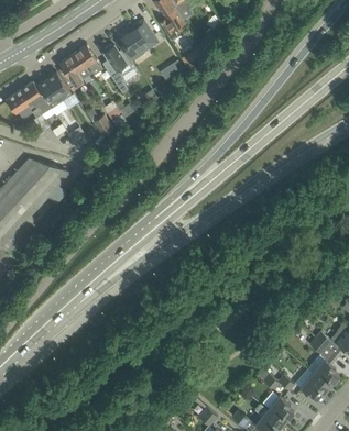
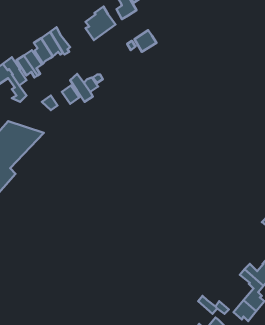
building: [102,46,133,93] -> none

